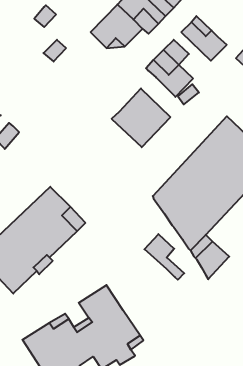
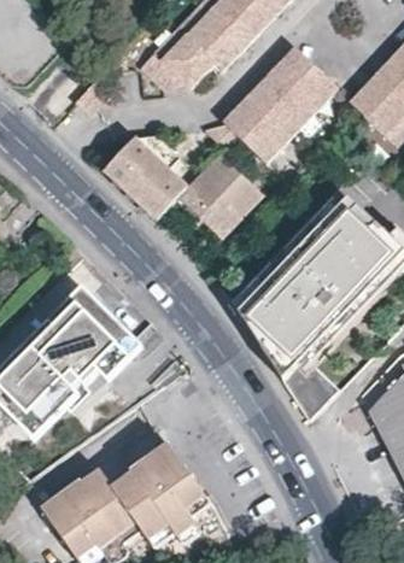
building: none -> [262,69,315,135]
building: none -> [103,133,183,215]
building: [144,234,184,280] -> none

